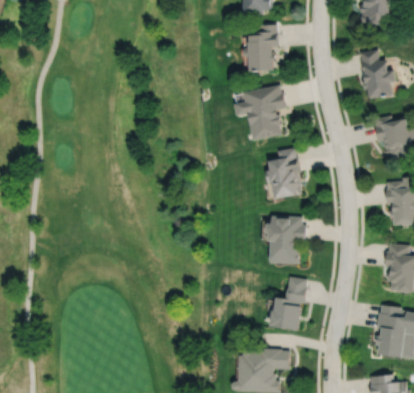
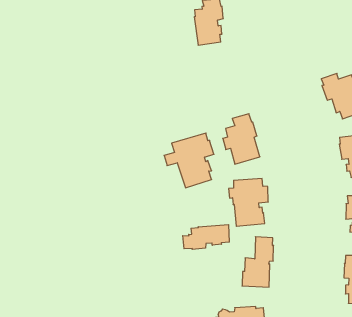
building: [359,49,395,98] -> none
building: [233,85,285,140] -> [164,133,214,188]
building: none -> [183,225,229,249]

